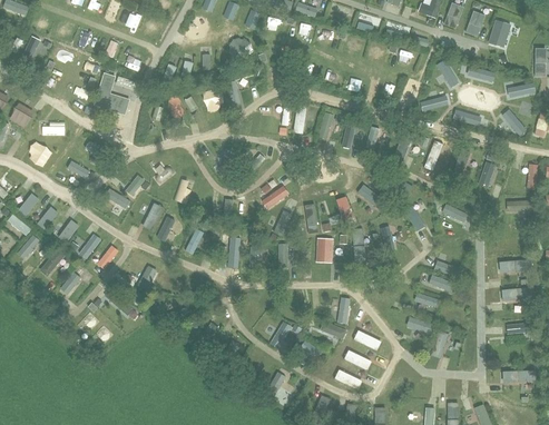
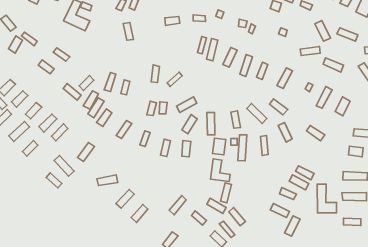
building: none -> [211,159,230,182]
building: none -> [317,184,336,213]

